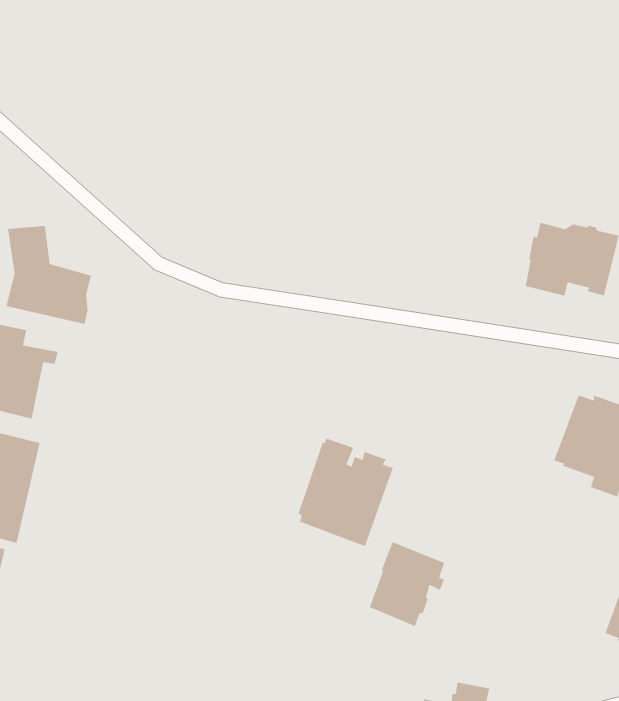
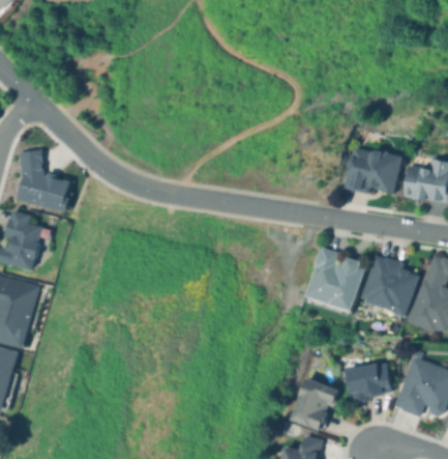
building: [298,438,394,547] -> [306,248,366,316]
building: [369,541,445,627] -> [291,377,338,431]
building: none -> [344,362,390,402]

